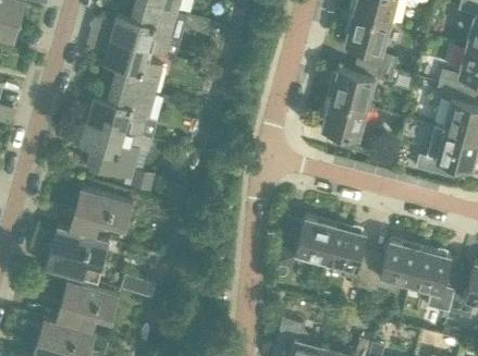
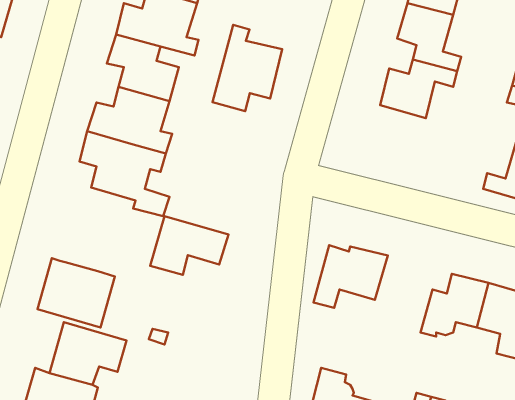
building: none -> [213,25,282,111]
building: [321,100,375,158] -> none
building: [68,189,133,238] -> [150,216,228,275]
building: [326,225,373,290] -> none

